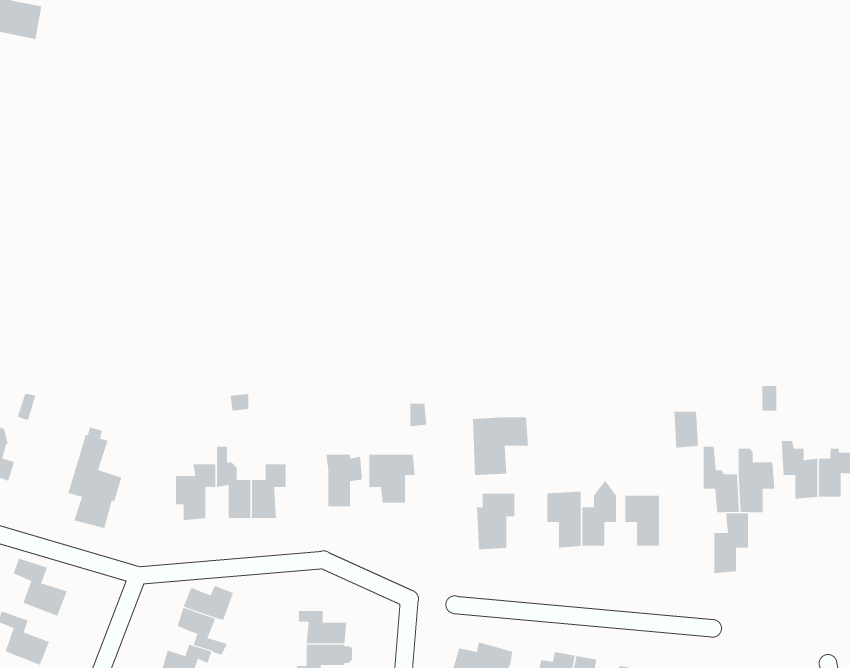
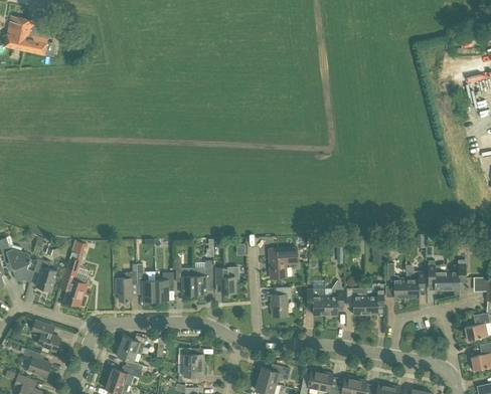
building: none -> [33,258,56,290]
building: none -> [175,267,194,294]
building: [714,513,749,573] -> [365,283,383,315]

